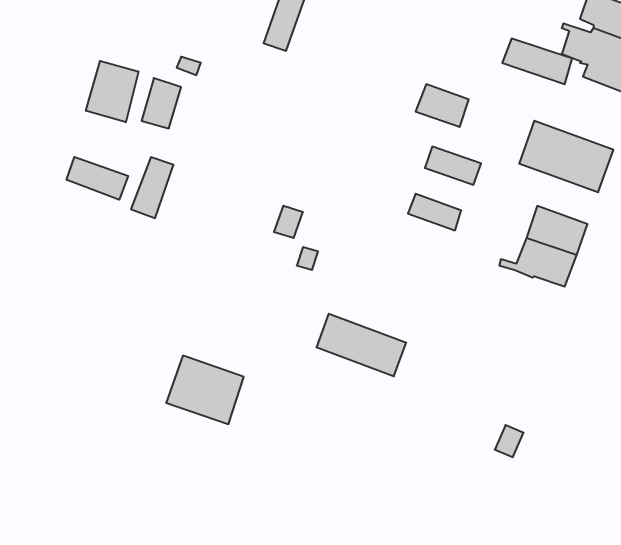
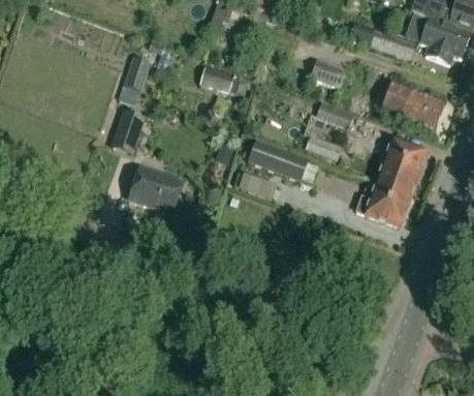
building: [86,61,138,122] -> none
building: none -> [198,64,246,95]
building: [67,157,128,200] -> none
building: none -> [354,181,410,227]
building: [316,314,406,376] -> [247,136,308,179]
building: [166,356,244,424] -> [129,167,182,214]

